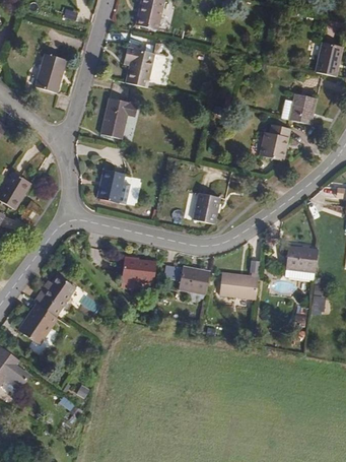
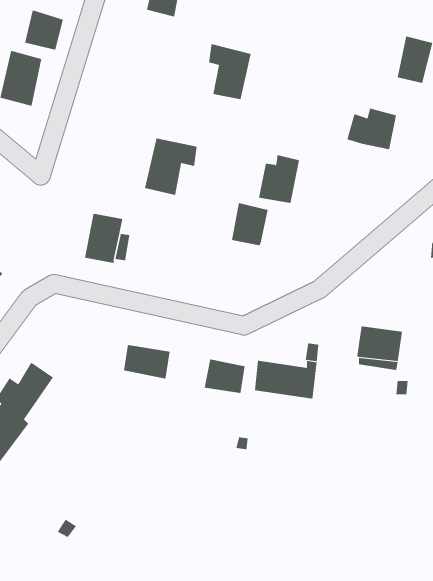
building: none -> [24,9,64,51]
building: [125,47,155,86] -> [208,44,251,100]
building: [100,97,138,138] -> [144,138,198,195]
building: [260,126,289,160] -> [258,154,300,203]
building: [193,195,219,225] -> [231,203,269,246]

